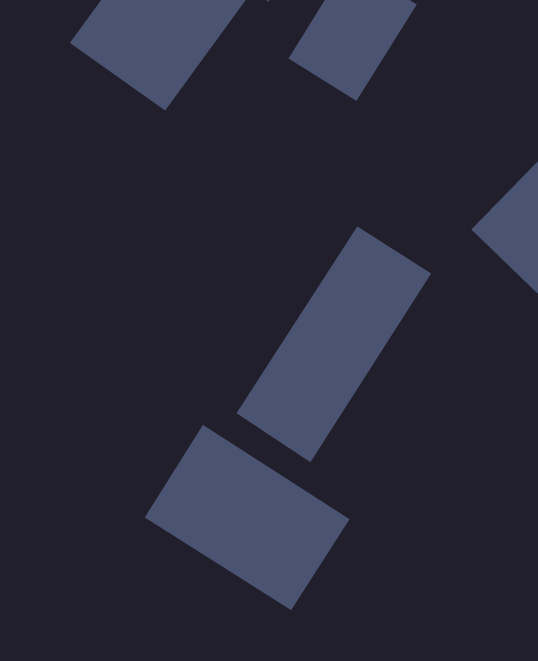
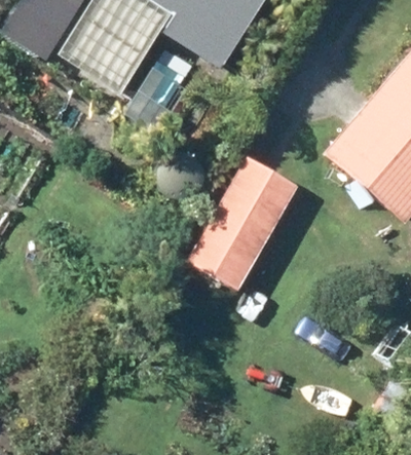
building: [144,424,351,611] -> none

